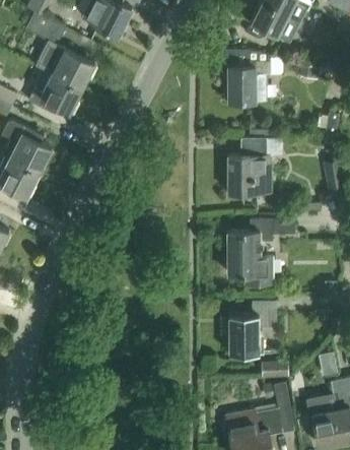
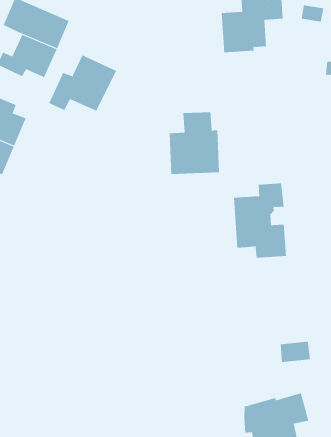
building: none -> [49,54,117,112]
building: [228,139,273,194] -> [169,112,220,175]
building: [228,301,277,355] -> none

